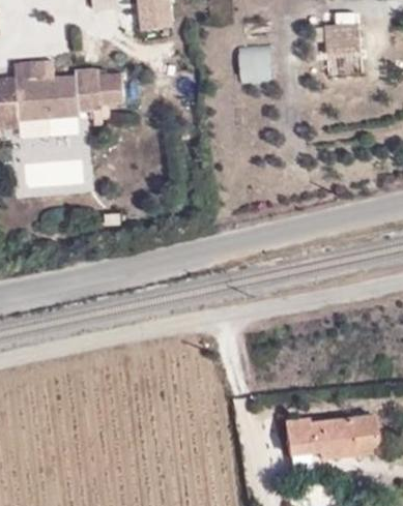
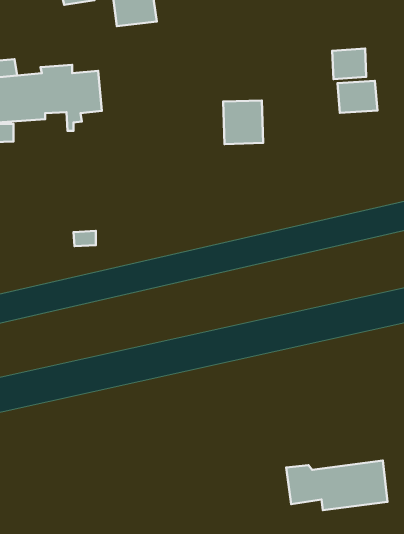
building: [324,24,359,52] -> [337,81,377,113]
building: [237,44,272,83] -> [223,100,263,144]

